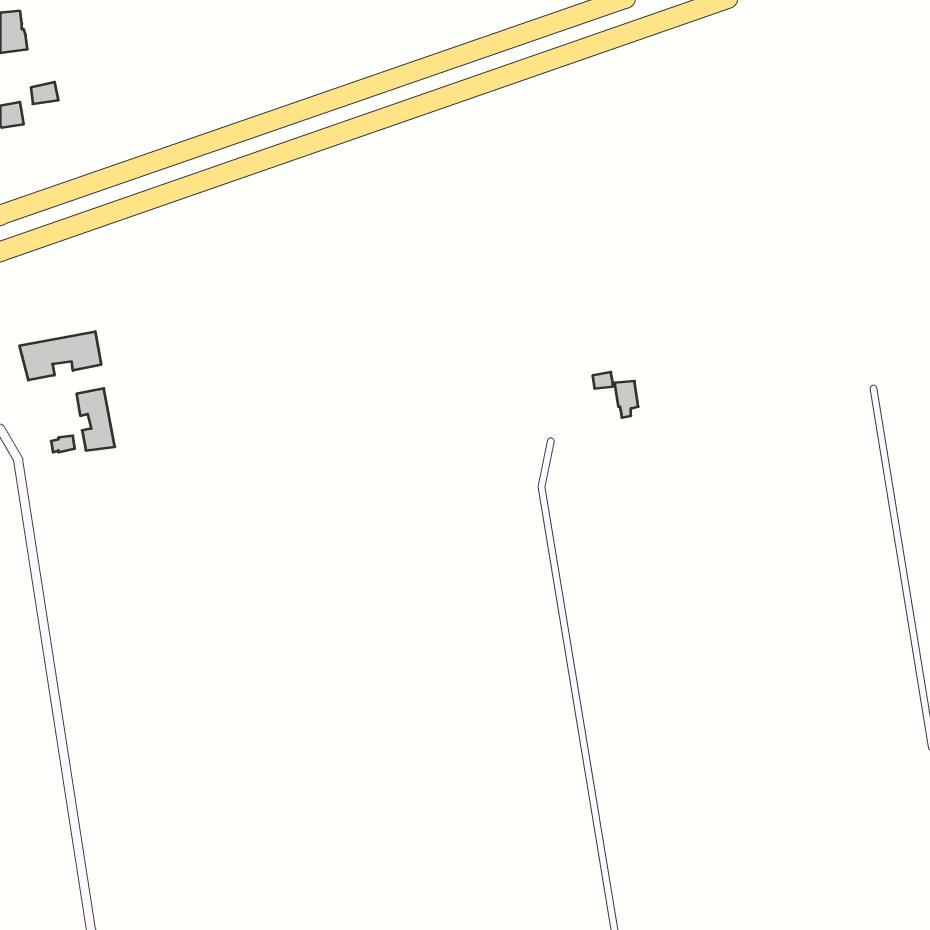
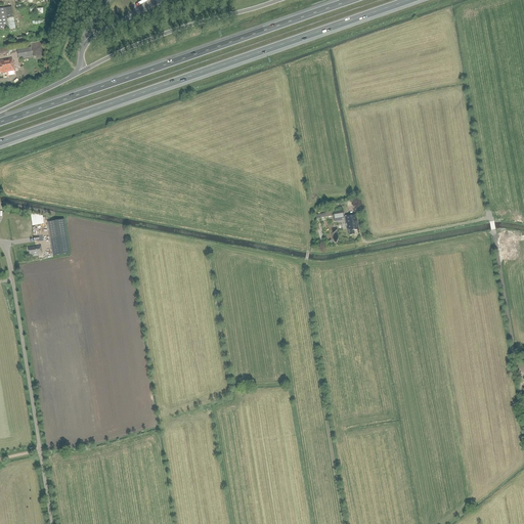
building: [20,331,101,380] -> none

